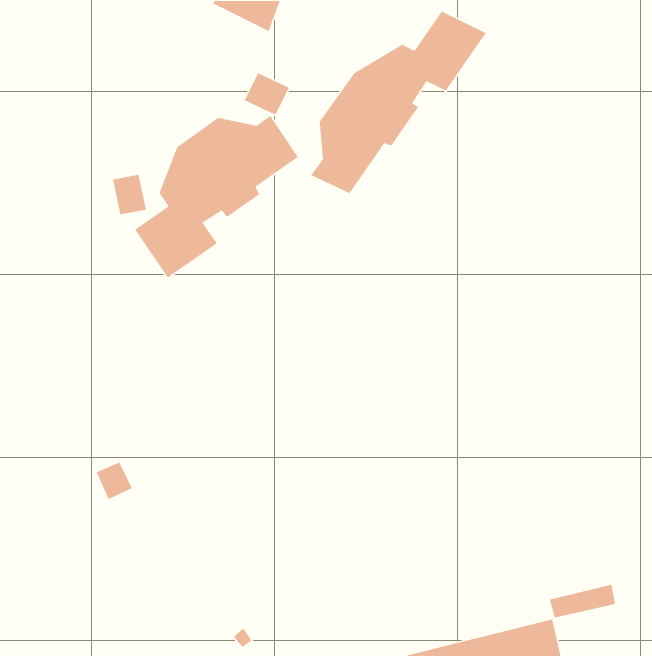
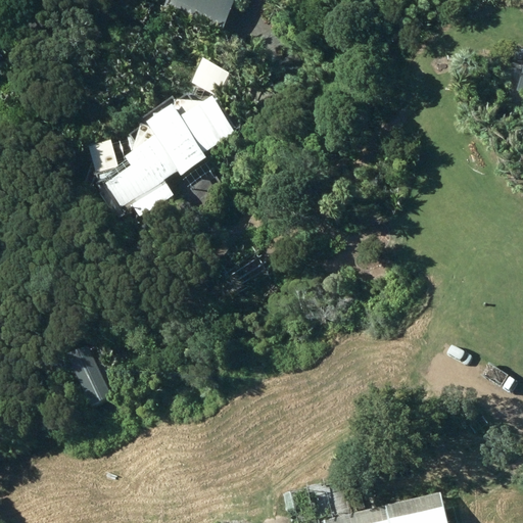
building: [310,11,487,194] -> none

